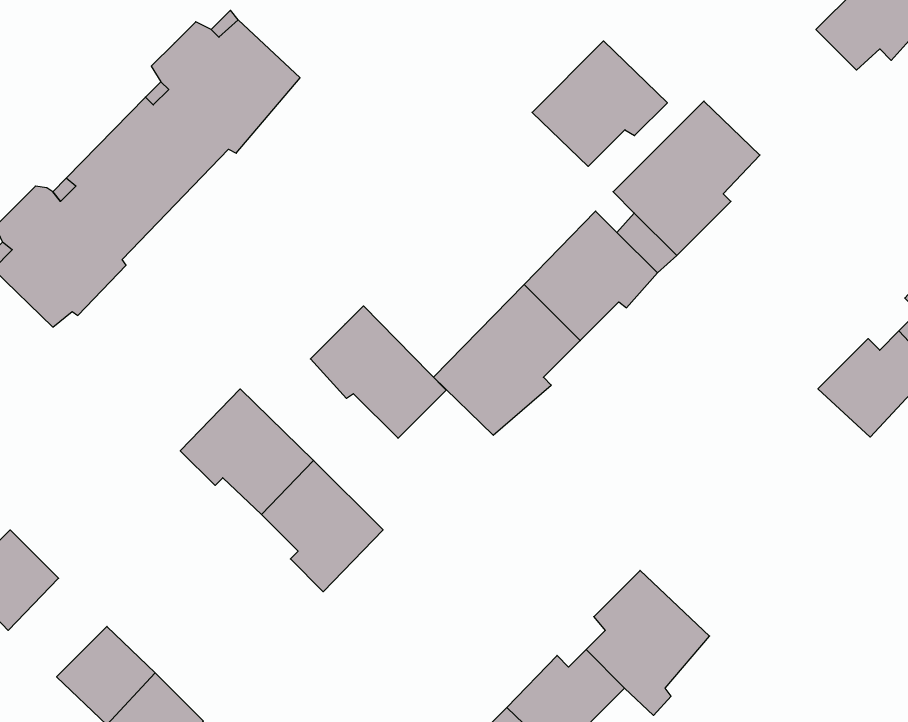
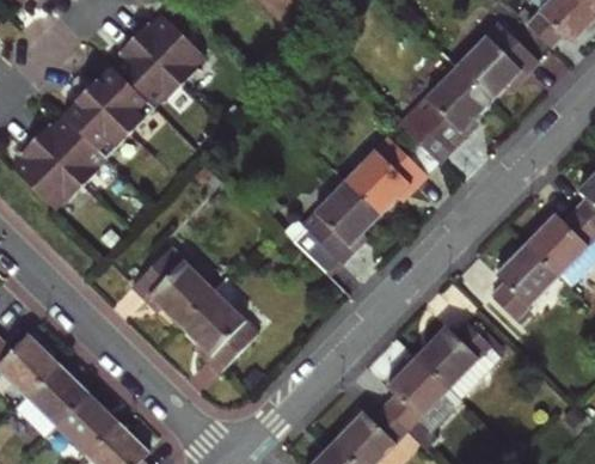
building: [532,41,667,166] -> [455,23,539,100]
building: [310,306,446,438] -> none
building: none -> [492,245,558,318]
building: none -> [416,320,501,398]
building: none -> [25,362,86,423]

